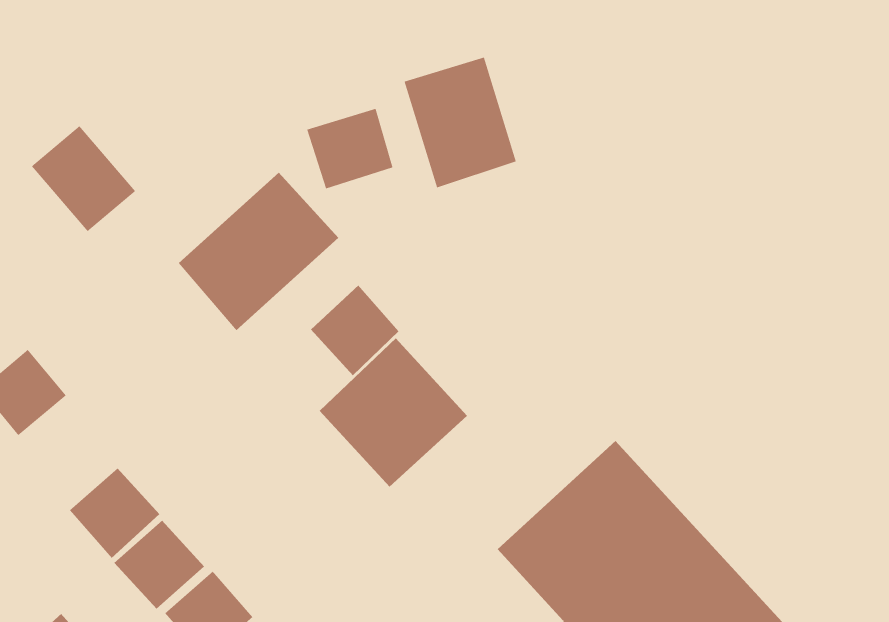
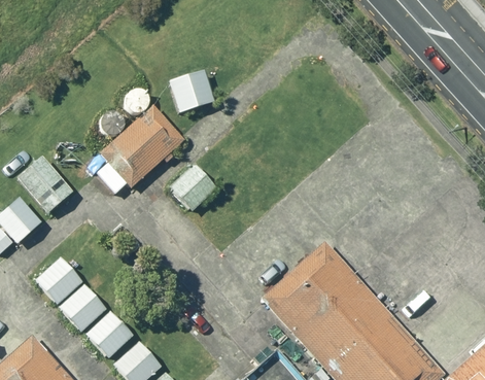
building: [404,57,517,189] -> none
building: [31,125,136,232] -> [13,156,69,212]
building: [319,338,468,487] -> none

